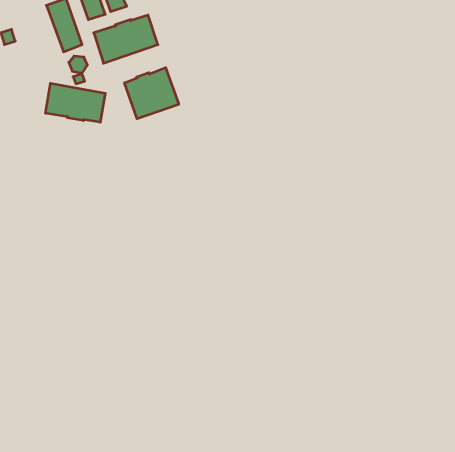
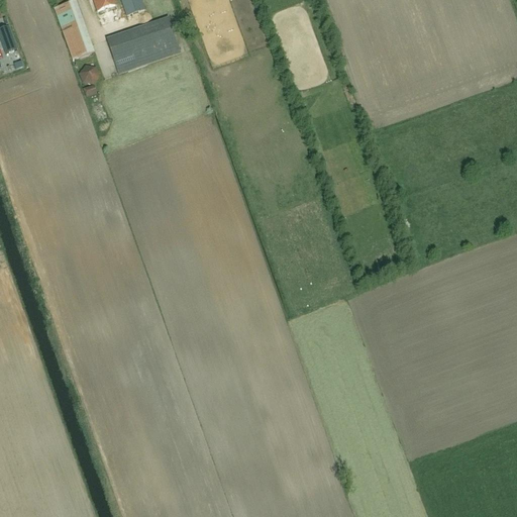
building: [125,68,179,119] -> none
building: [46,83,105,122] -> none

